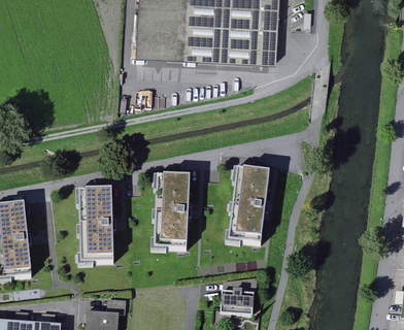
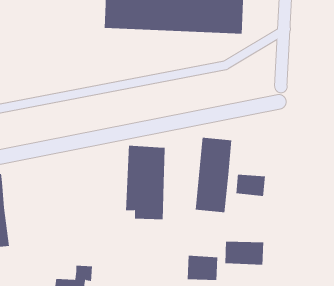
building: [81,191,121,272] -> none
building: none -> [236,174,265,197]
building: none -> [225,241,264,266]

